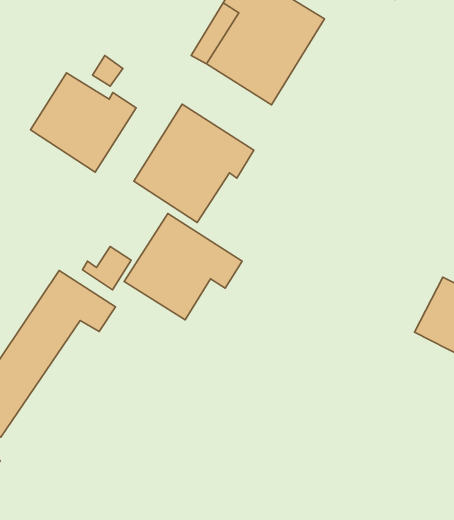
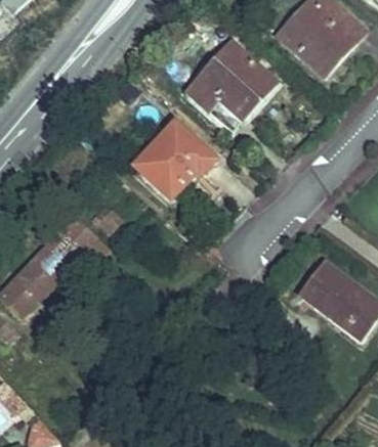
building: [30,73,136,172] -> none
building: [124,213,242,320] -> none

